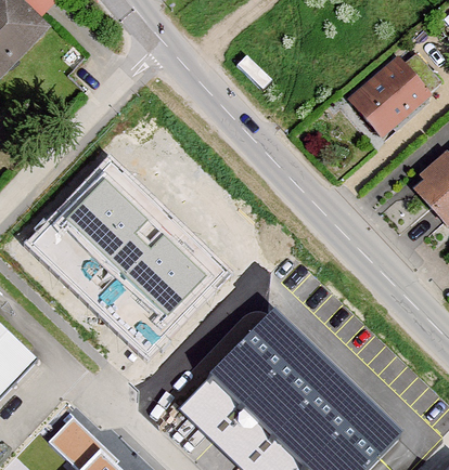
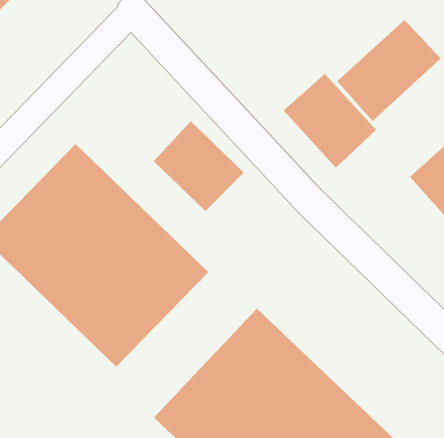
building: none -> [283,73,377,168]
building: none -> [153,121,245,212]

